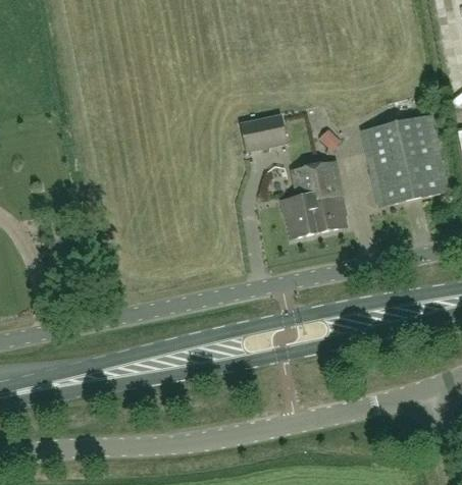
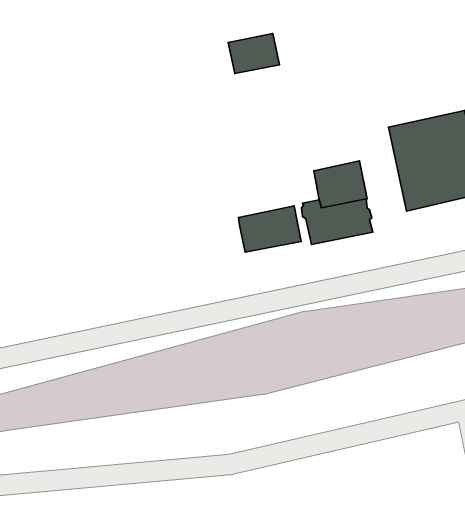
building: [240,113,287,150] -> [228,33,279,74]
building: none -> [239,206,301,252]

